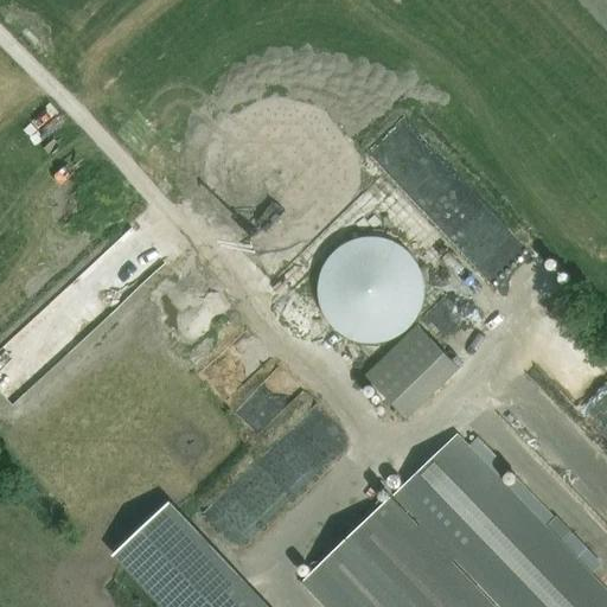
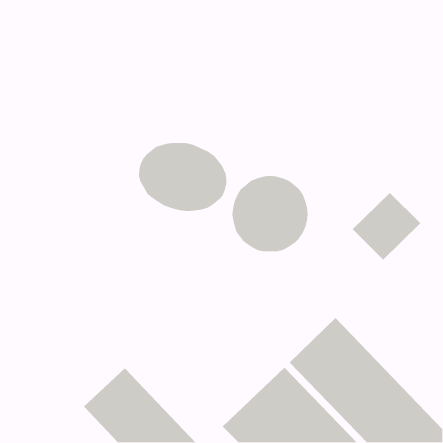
building: none -> [138,142,227,212]
building: [365,325,460,418] -> [352,192,421,261]

